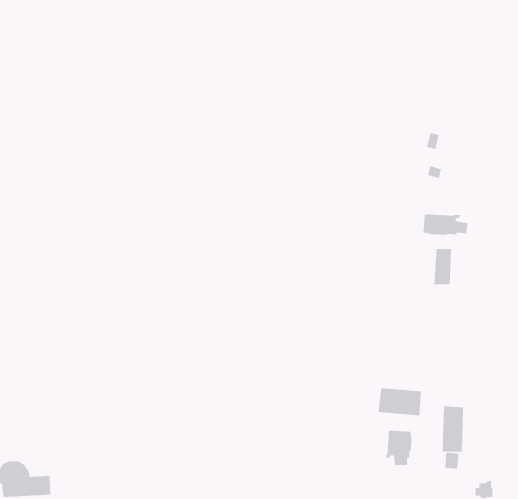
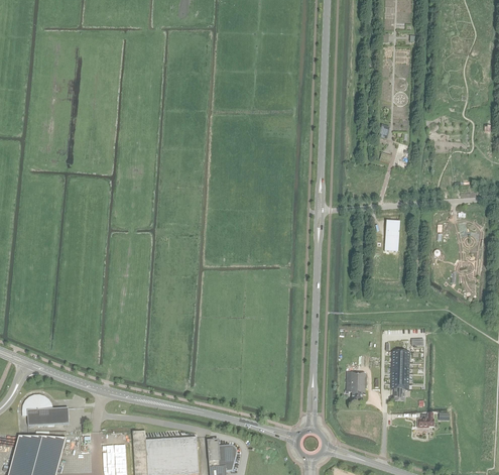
building: [423,214,468,236] -> none
building: [378,387,421,416] -> none

